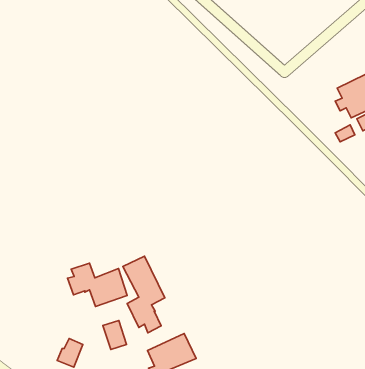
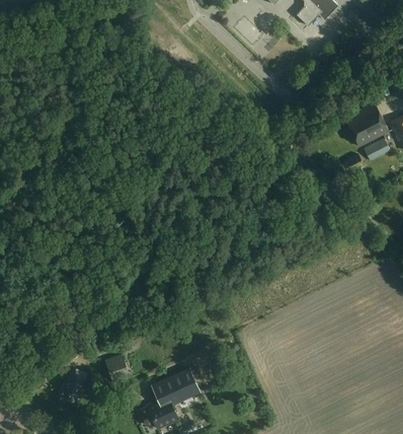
building: [123,256,165,333] -> none
building: [68,263,127,307] -> none

